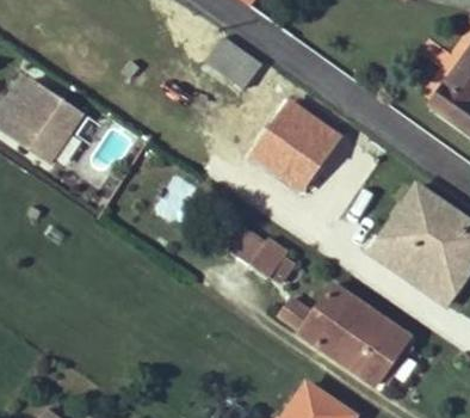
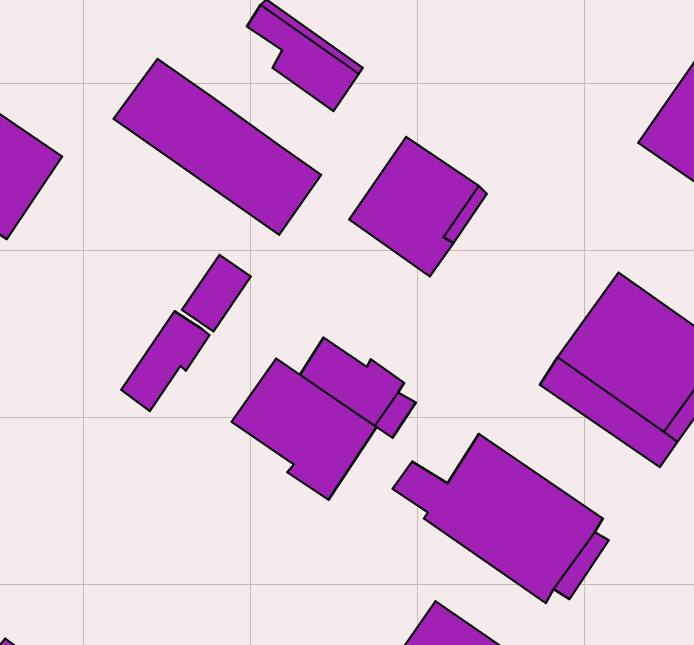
building: none -> [114,59,321,235]
building: none -> [121,311,209,411]
building: none -> [232,359,377,500]

